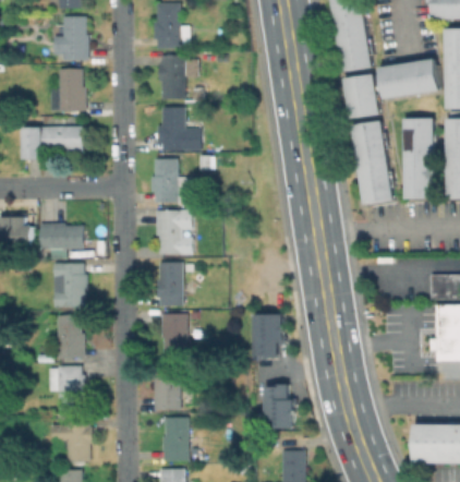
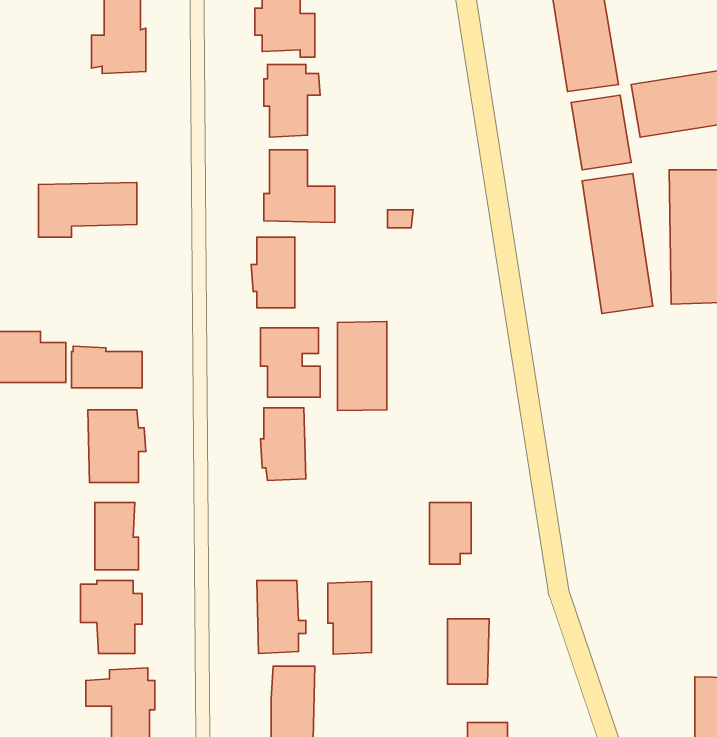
building: [50,69,86,112] -> none
building: none -> [337,322,387,411]
building: [161,313,187,357] -> [328,581,371,654]

